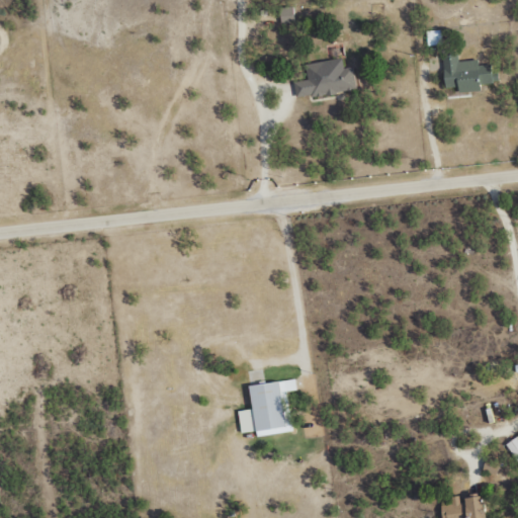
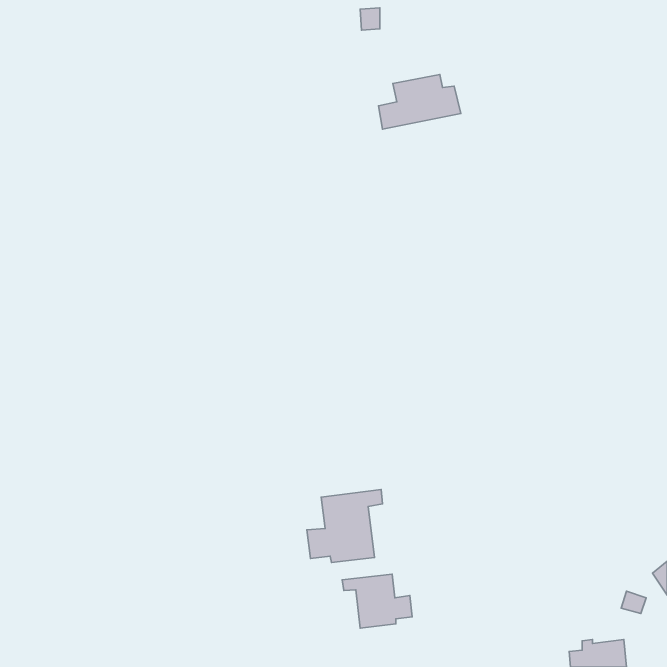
building: [443,55,499,92] -> none
building: none -> [342,574,412,628]

